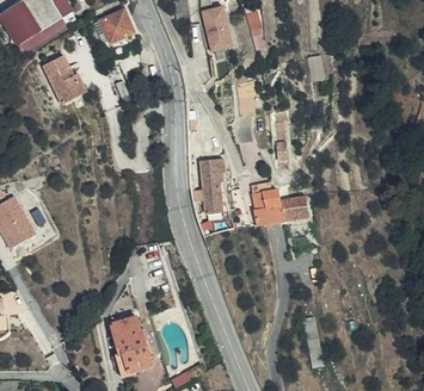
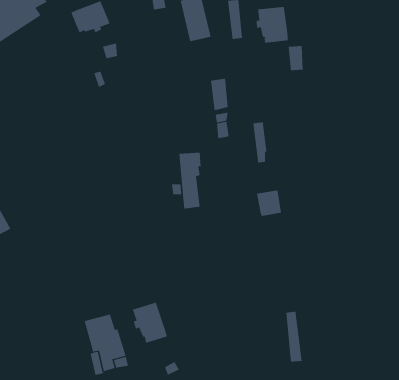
building: none -> [256,6,288,43]
building: [44,52,88,101] -> none
building: [251,181,282,228] -> none
building: none -> [132,302,167,343]

